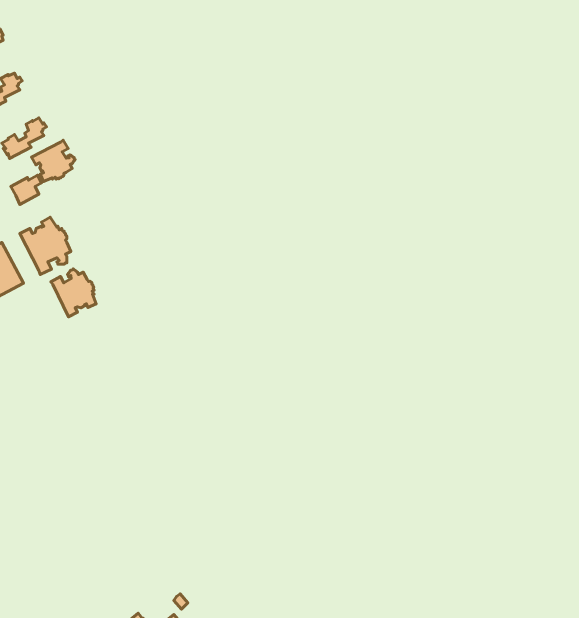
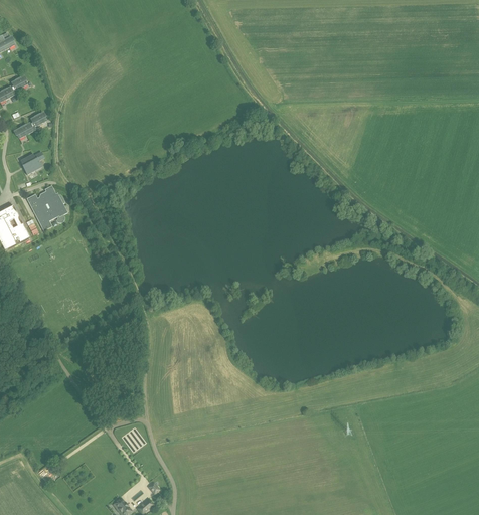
building: [32,140,75,181] -> none
building: [51,269,96,317] -> none

